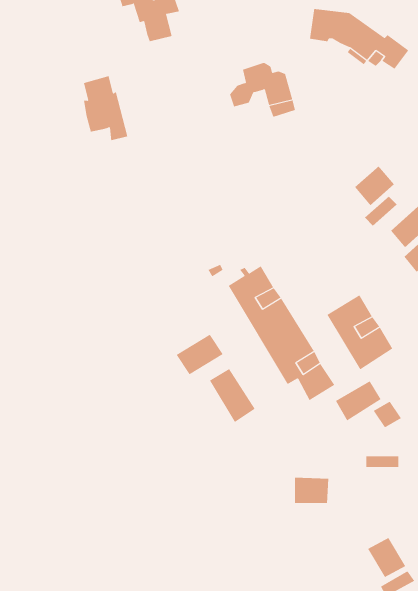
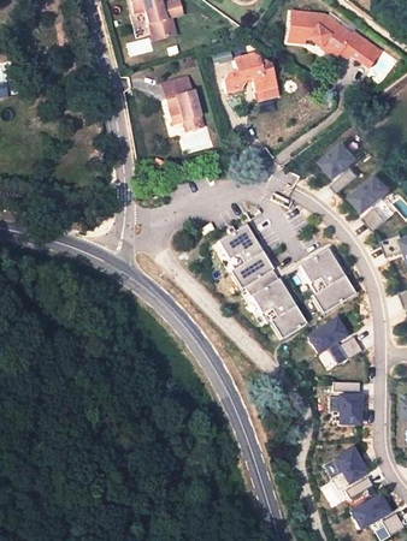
building: [83,75,128,141] -> [165,78,202,132]
building: [176,334,223,375] -> none
building: [209,368,255,423] -> none
building: [294,477,329,503] -> [331,396,360,417]

